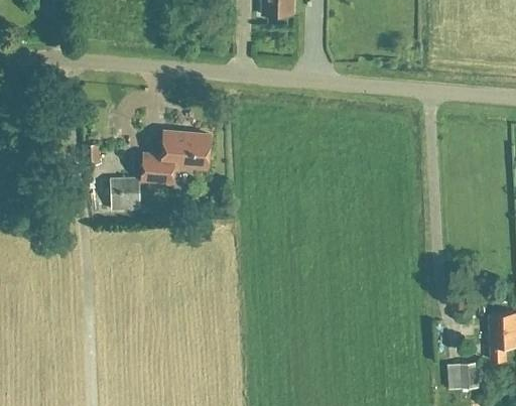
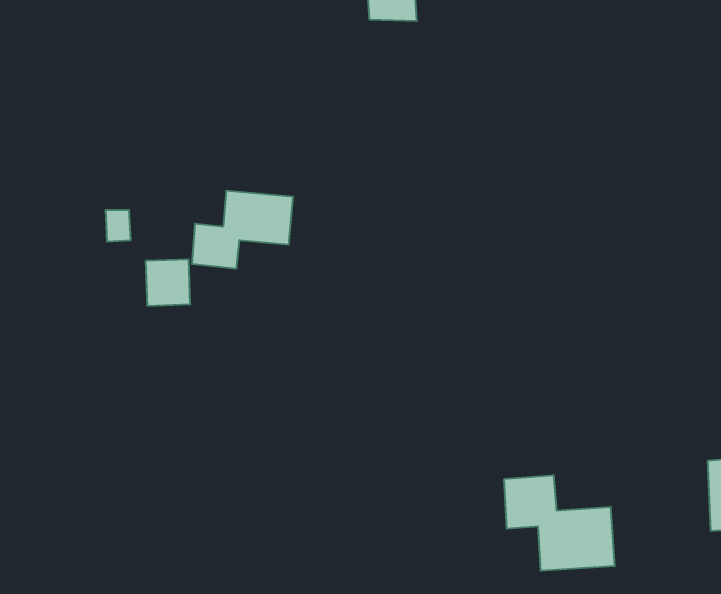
building: none -> [504,475,615,571]
building: [447,363,480,389] -> none

